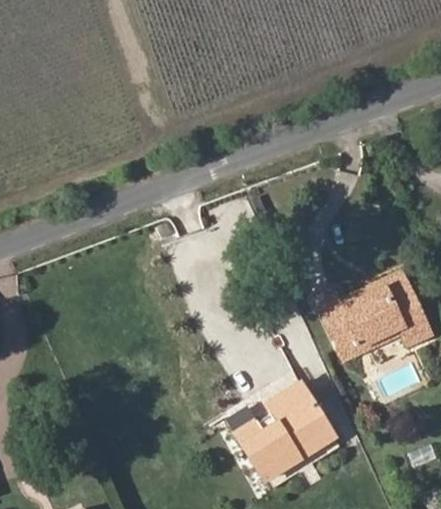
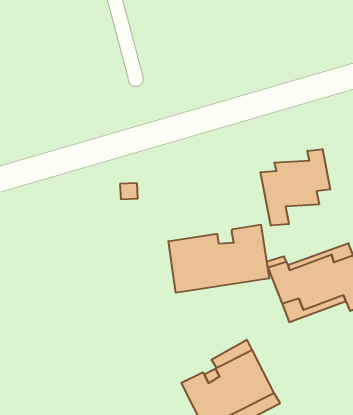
building: none -> [260,149,330,226]
building: none -> [168,225,269,293]

